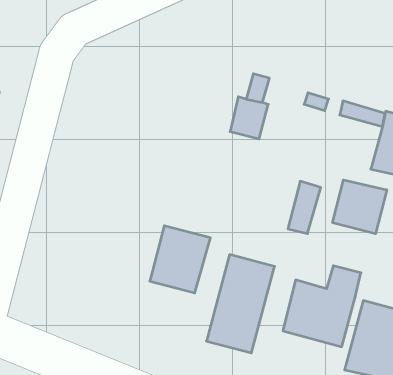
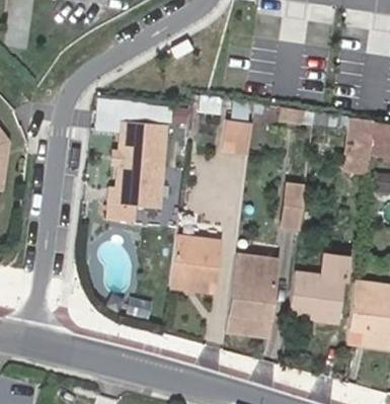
building: none -> [110,123,165,220]
building: [333,180,387,234] -> none

